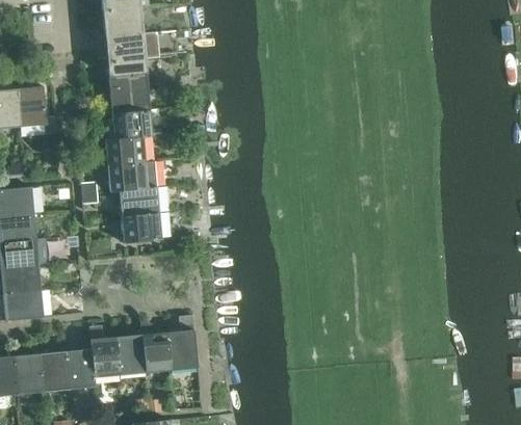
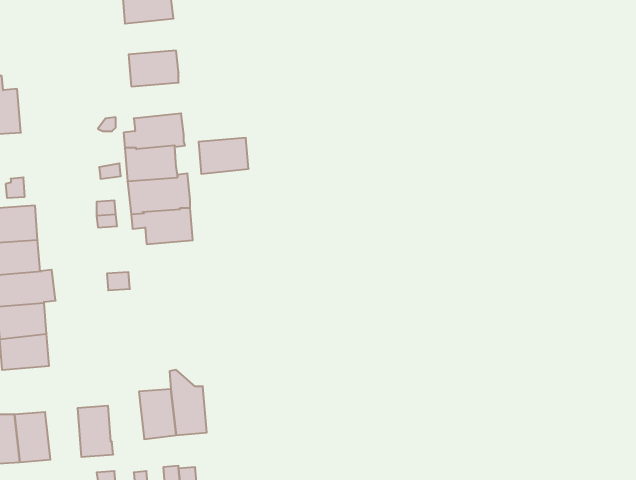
building: [104,34,146,63] -> none
building: [109,86,150,115] -> [199,138,249,174]
building: [17,89,55,134] -> none
building: [122,214,161,243] -> none
building: [167,314,197,370] -> none
building: [89,329,120,377] -> none
building: [40,350,69,392] -> none

